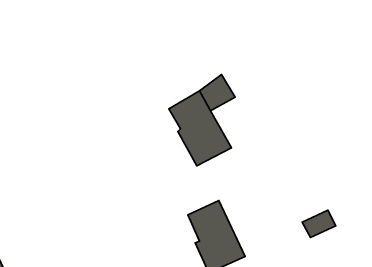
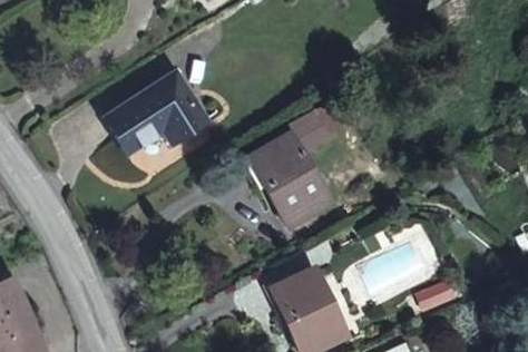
building: none -> [105,72,207,153]

